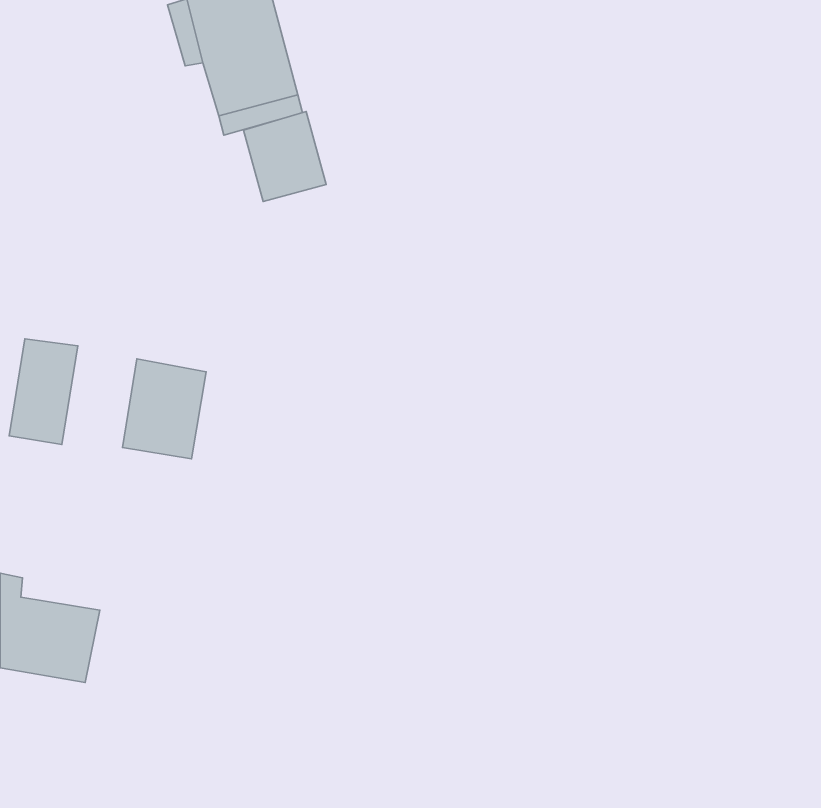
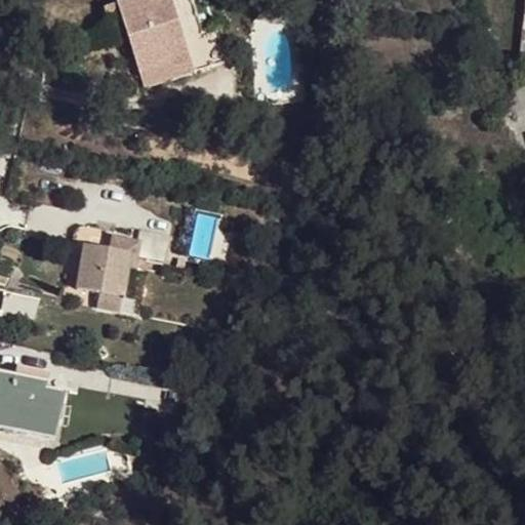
building: [244,112,326,201] -> none
building: [9,339,78,444] -> none

